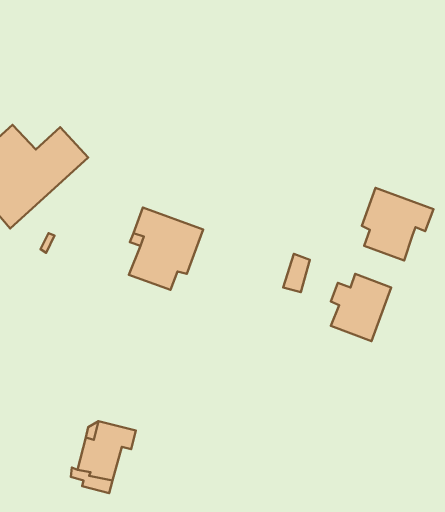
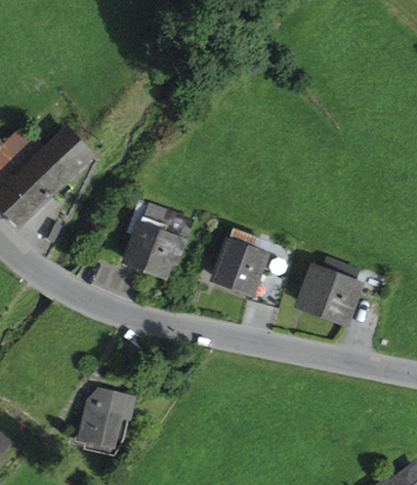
building: [362,188,433,261] -> none
building: none -> [215,235,266,293]

